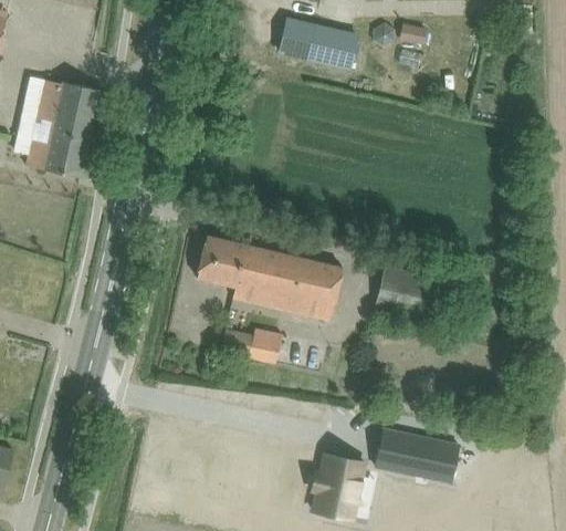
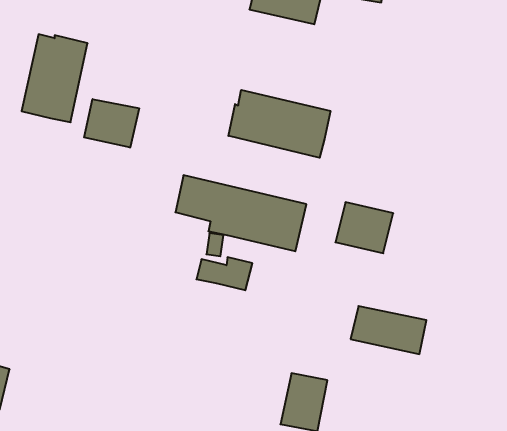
building: none -> [228,90,330,158]
building: none -> [84,99,139,148]
building: [375,429,459,482] -> [351,306,426,354]

